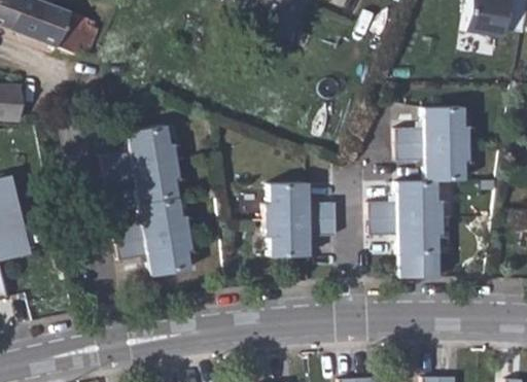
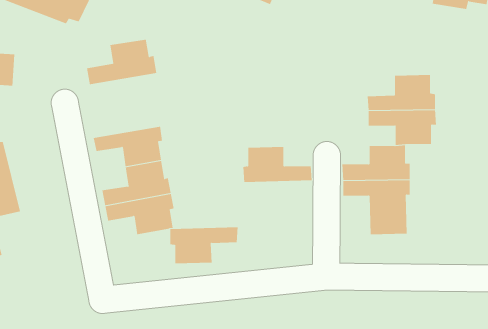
building: [102,125,177,173] -> [86,39,157,85]
building: [265,218,338,257] -> [170,227,239,264]

